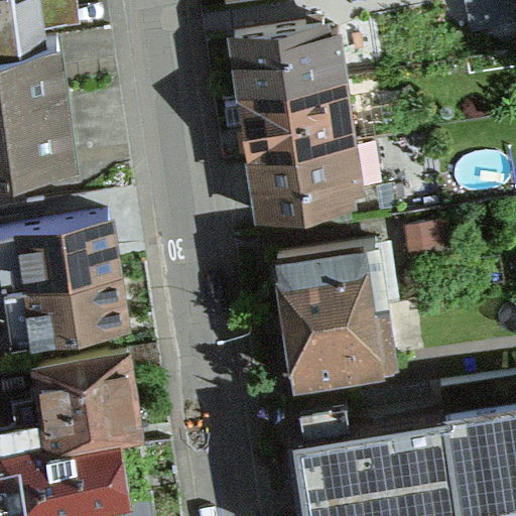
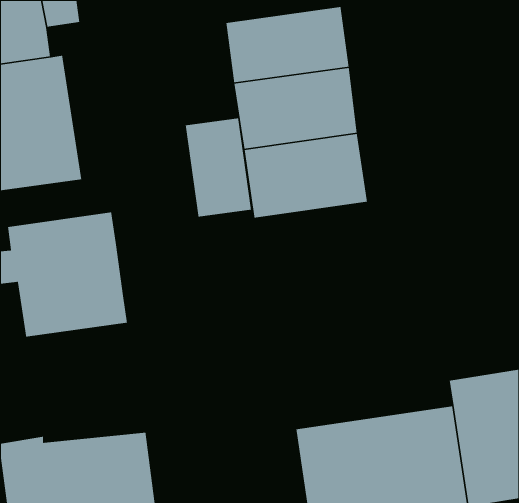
building: none -> [185,117,252,218]
building: [271,248,403,394] -> none
building: [32,352,145,455] -> none

